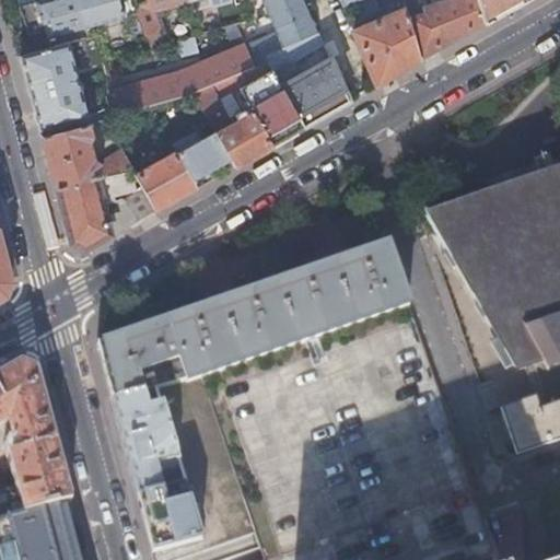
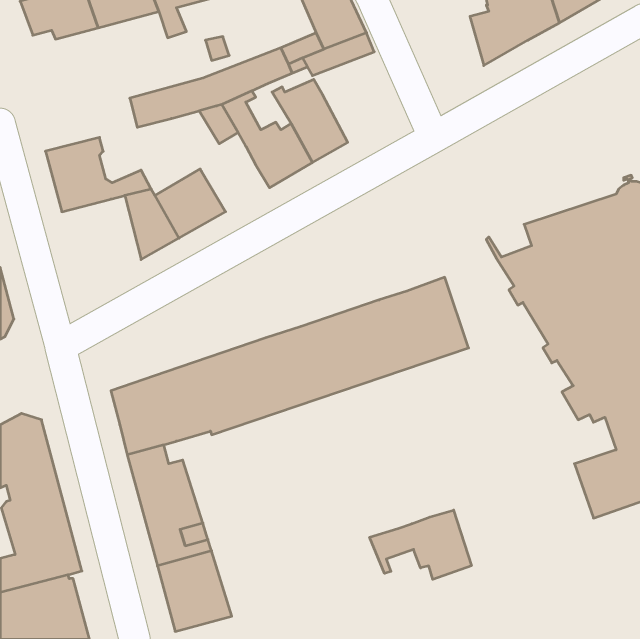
building: [357,7,423,82] -> none
building: [22,40,89,125] -> none
building: [283,55,351,124] -> none
building: [178,127,232,184] -> none
building: [57,173,115,246] -> none
building: none -> [370,510,471,579]

